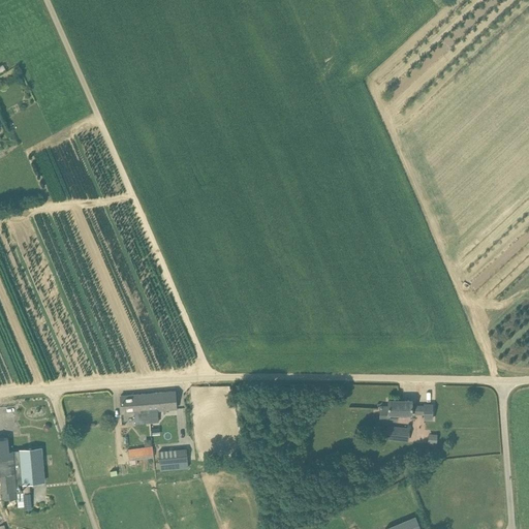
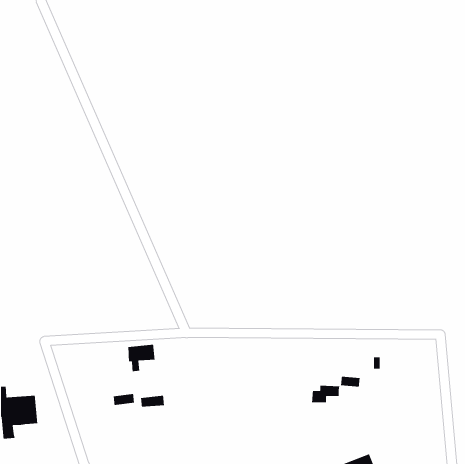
building: [121,395,150,425] -> none
building: [379,401,412,422] -> [311,385,340,403]

